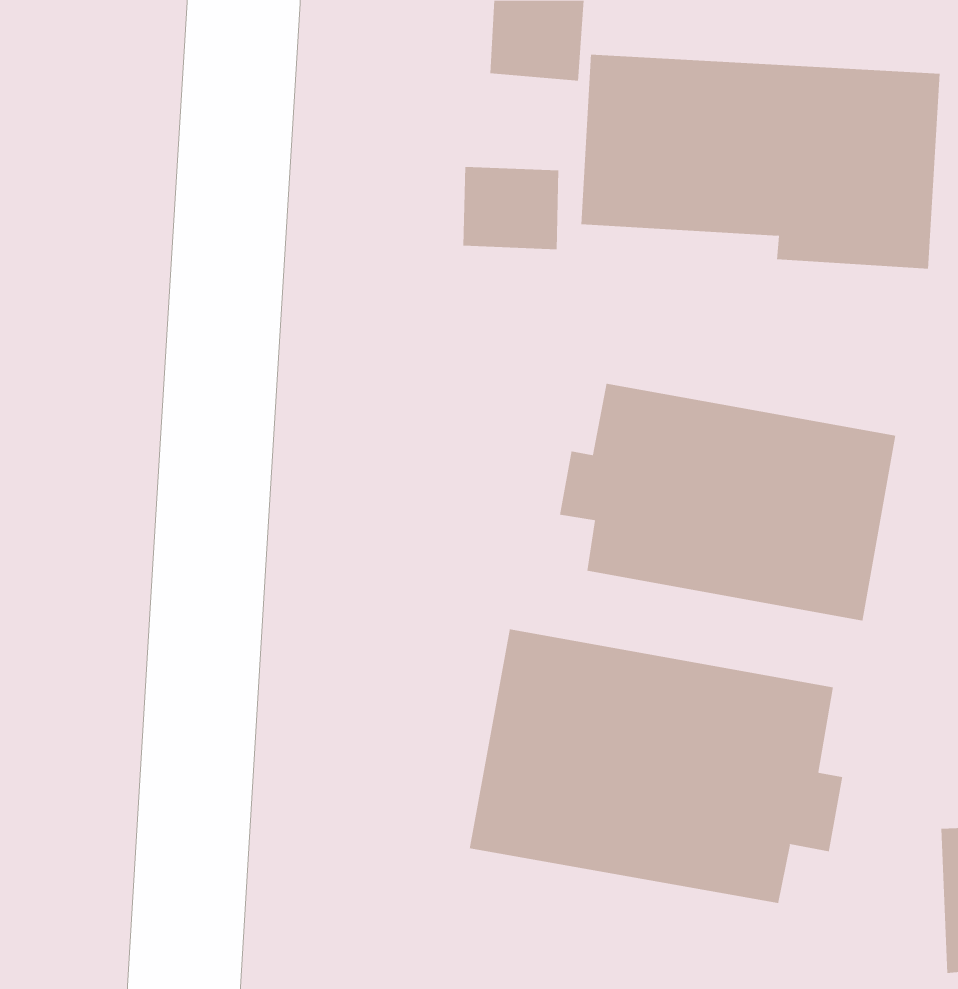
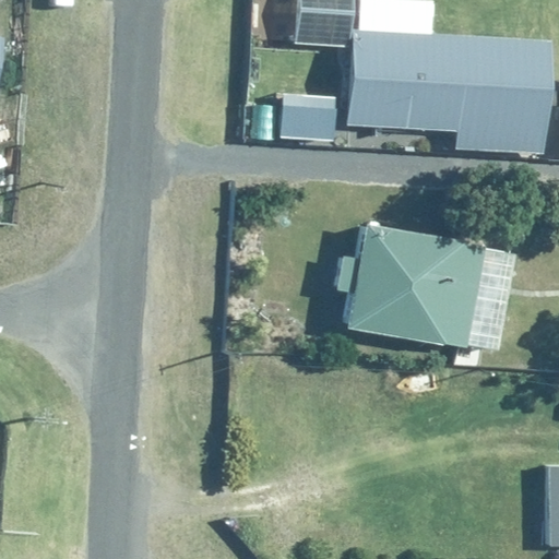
building: [469,628,843,904] -> none

